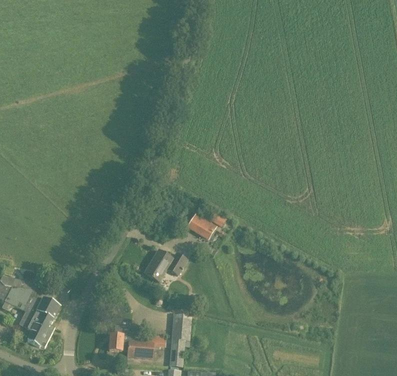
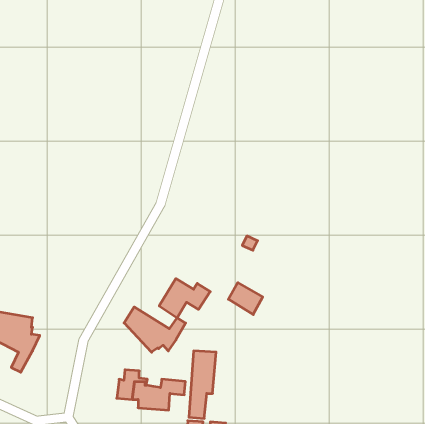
building: [187,213,216,240] -> [228,283,263,315]
building: none -> [124,307,186,352]
building: [27,296,61,347] -> none

